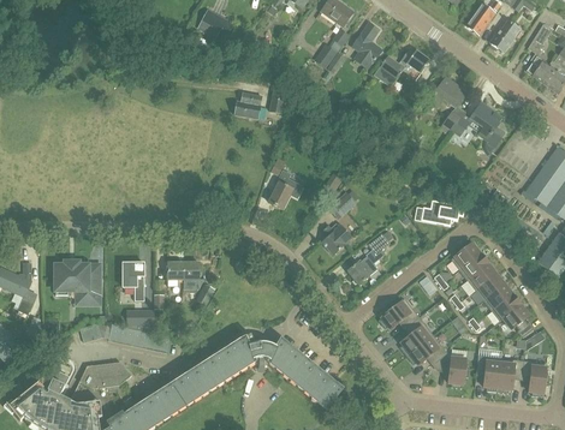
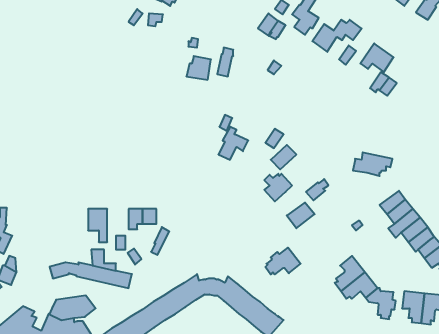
building: [470,103,507,155] -> none
building: [55,262,100,305] -> none
building: [380,298,420,328] -> [265,248,301,274]

